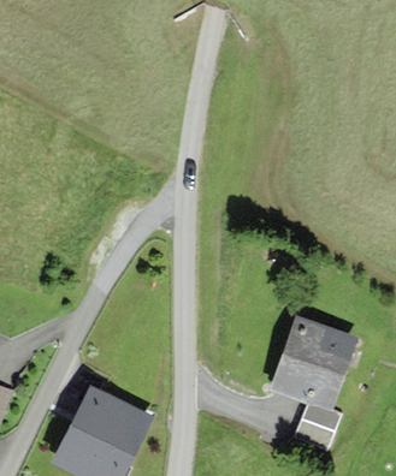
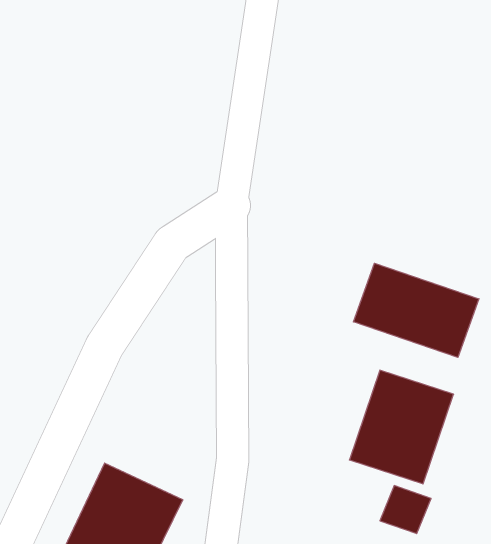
building: none -> [353,263,479,357]

